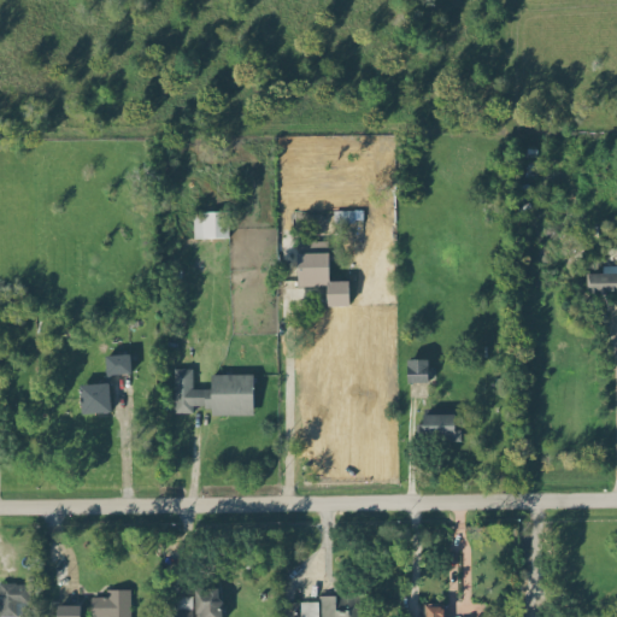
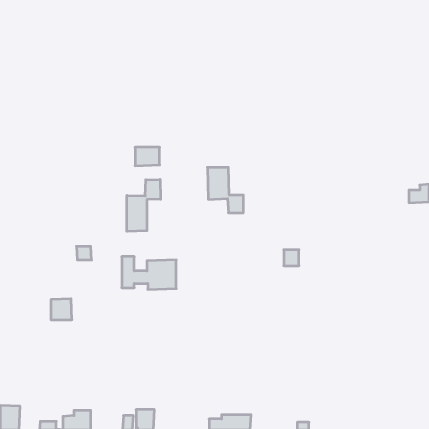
building: none -> [127,179,161,231]
building: [81,383,111,413] -> [51,299,72,320]
building: [423,413,462,441] -> none

